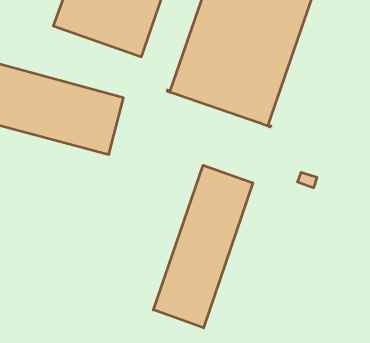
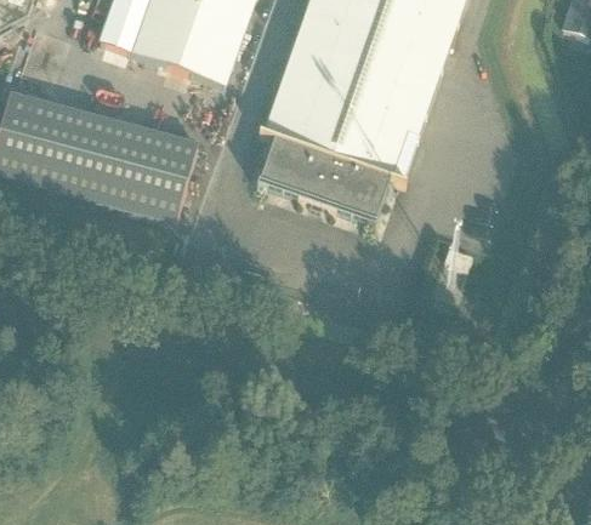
building: none -> [258,136,392,224]
building: [153,165,253,328] -> none

